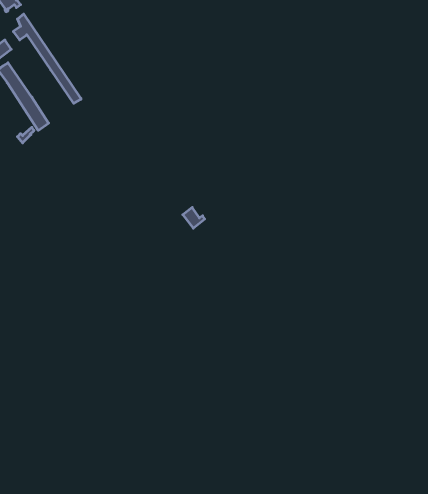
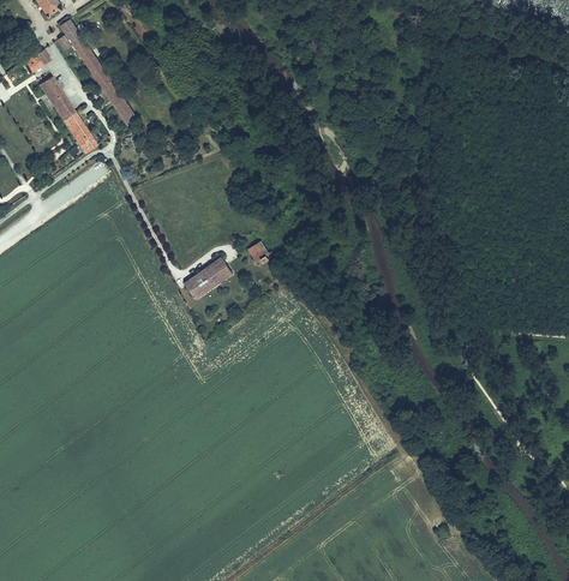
building: none -> [187,257,234,299]

